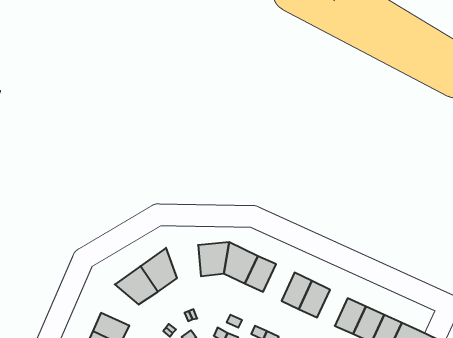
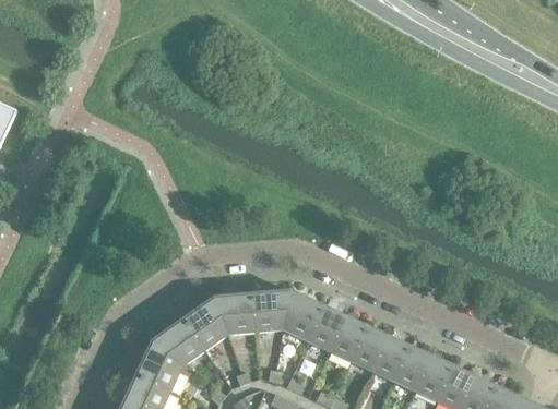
building: none -> [214,294,256,334]
building: none -> [330,317,367,361]
building: none -> [136,341,181,390]
building: none -> [394,348,430,390]

